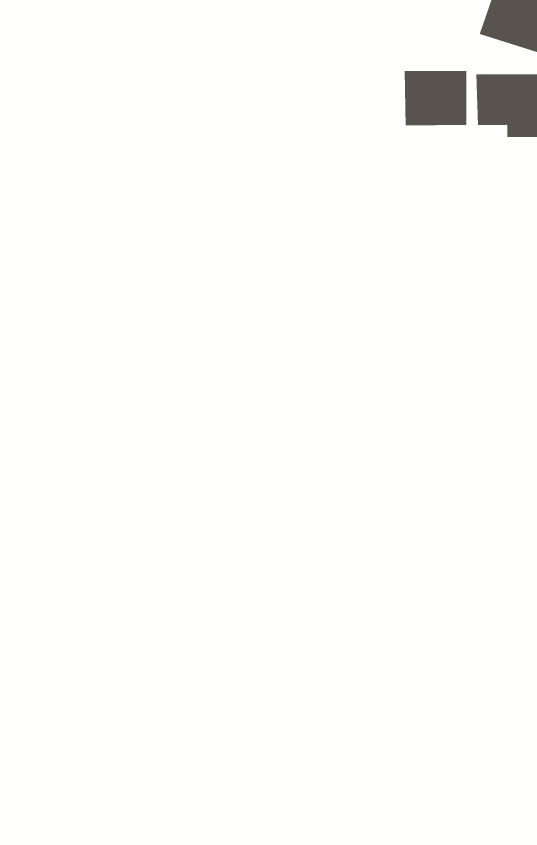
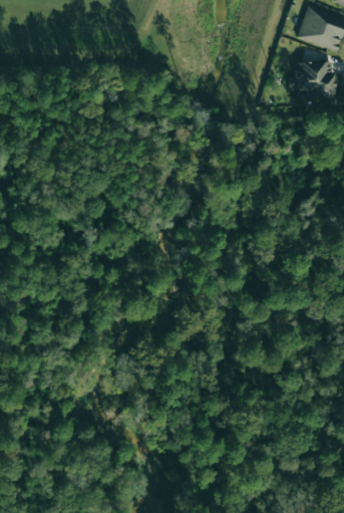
building: [404,70,467,126] -> none

